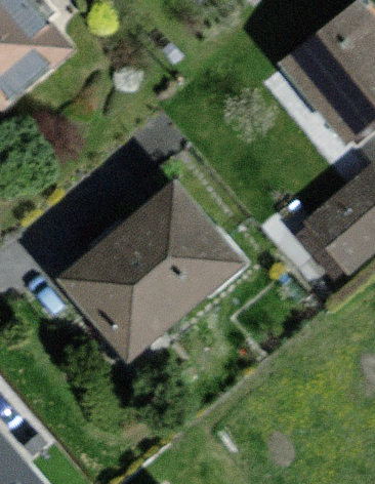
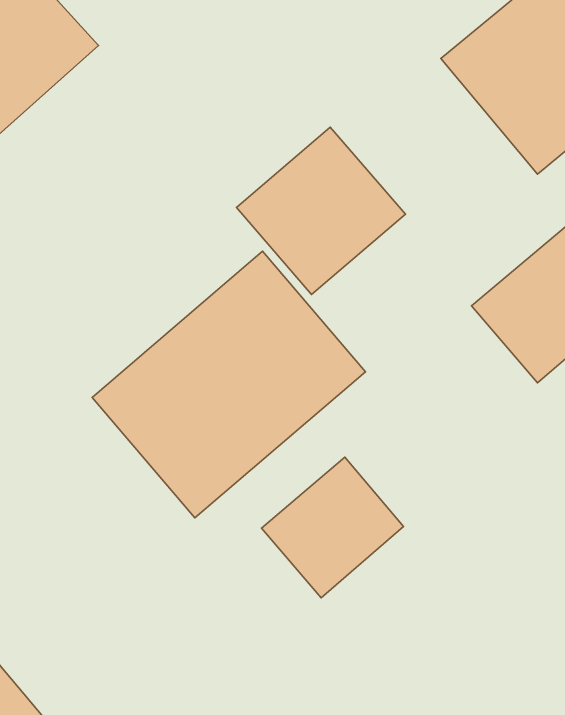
building: none -> [237,127,405,295]
building: none -> [261,457,403,598]

